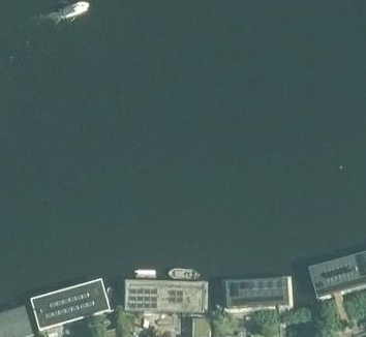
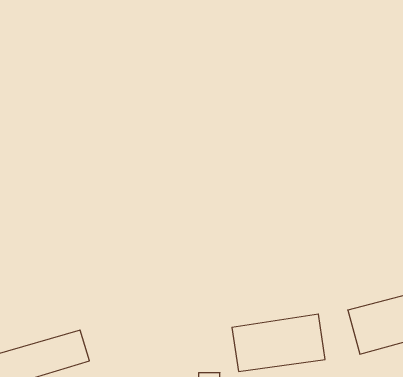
building: [123,275,206,312] -> none

